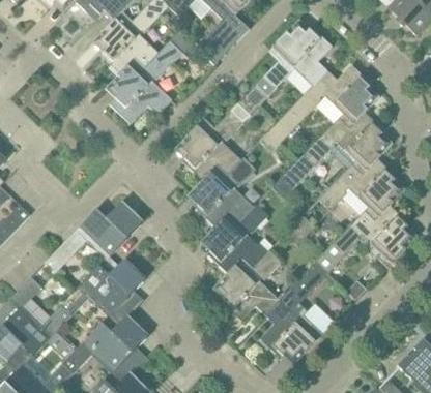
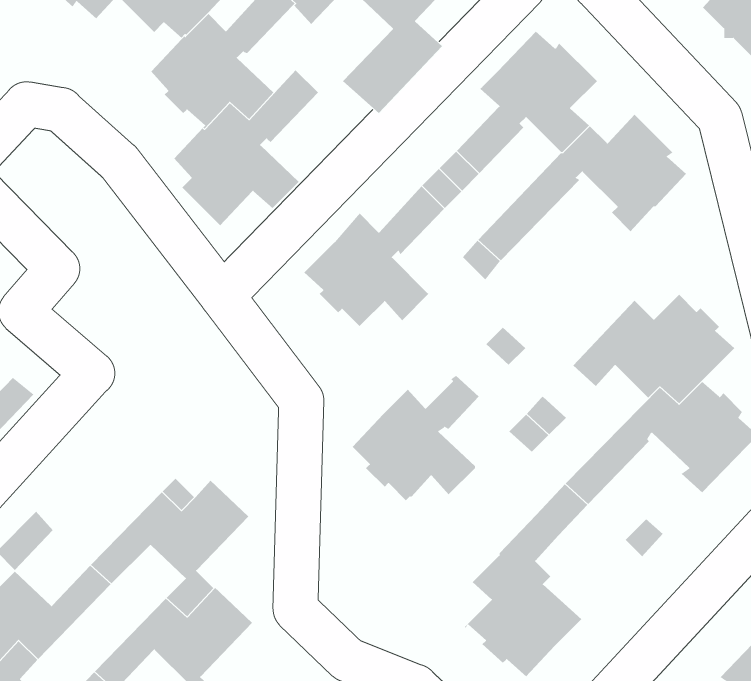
building: [291,113,393,179] -> none
building: [189,155,257,223] -> none
building: [45,203,142,272] -> none
building: [213,248,282,319] -> none

